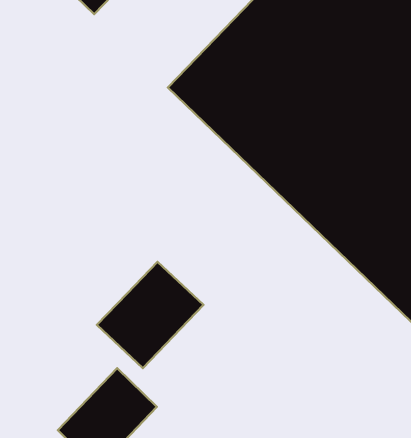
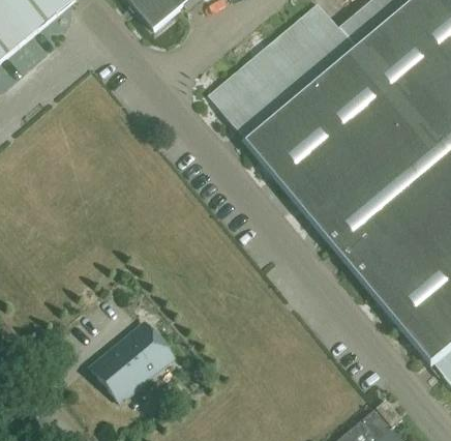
building: [97,262,203,368] -> none

